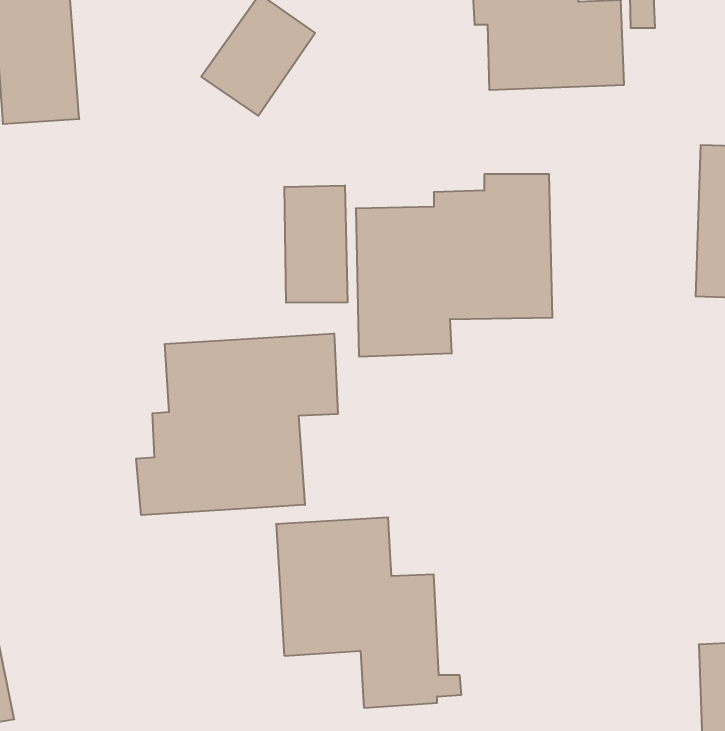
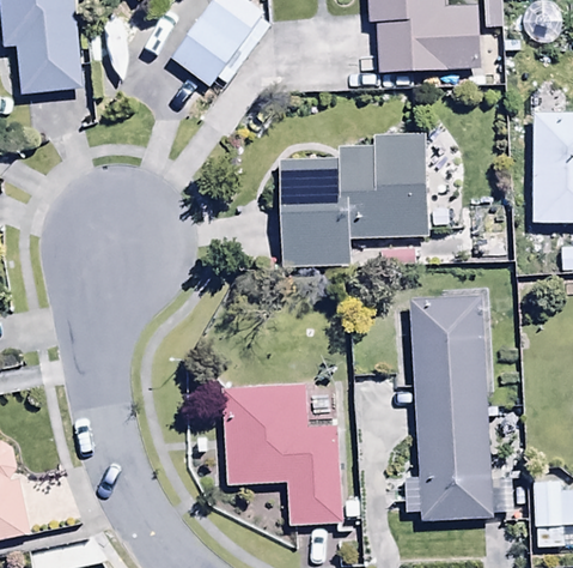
building: [285,185,347,303] -> none
building: [136,333,338,515] -> none
building: none -> [402,294,496,520]

